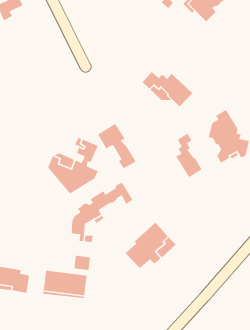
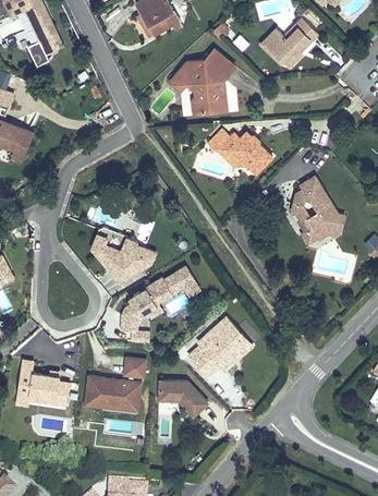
building: none -> [167,48,234,113]
building: [97,123,137,169] -> none
building: [175,133,203,178] -> none
building: none -> [158,379,207,416]

